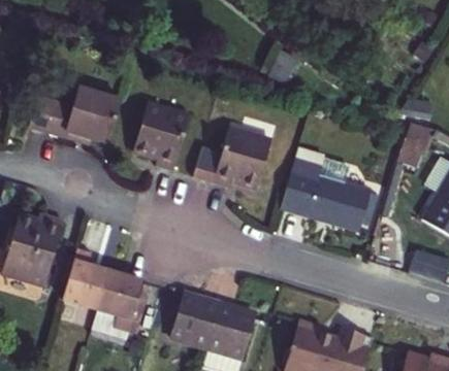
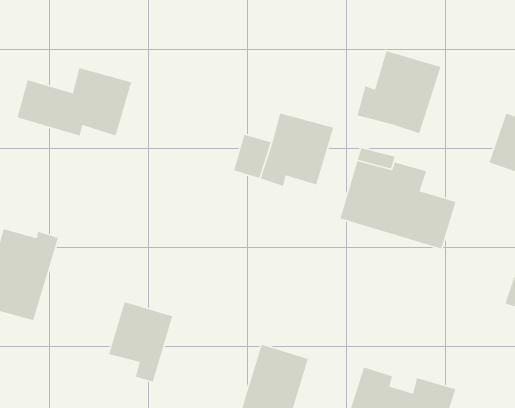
building: none -> [356,50,441,134]
building: [135,103,189,168] -> none
building: [63,249,114,311] -> none
building: [174,294,220,343] -> none

